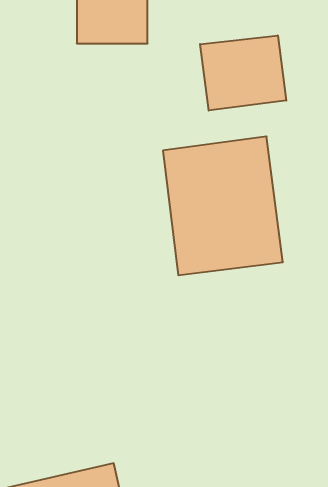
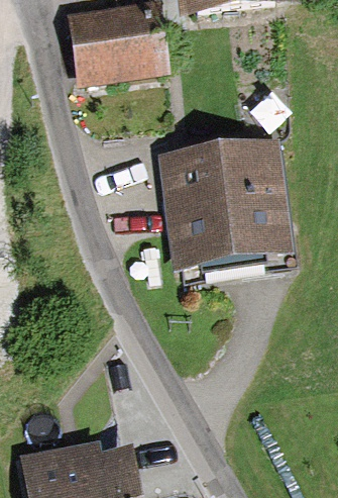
building: [200,35,286,111] -> none

